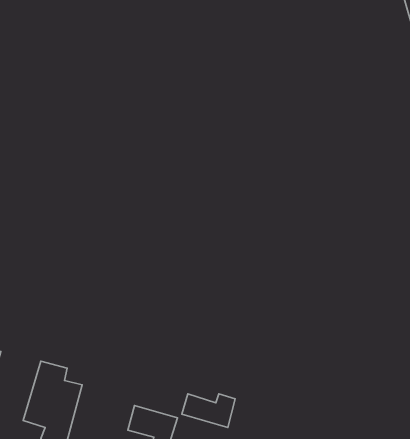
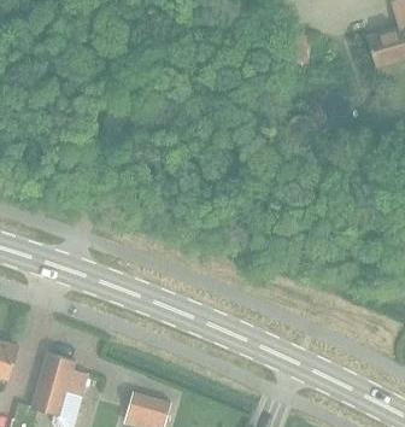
building: [182,394,235,428] -> none

